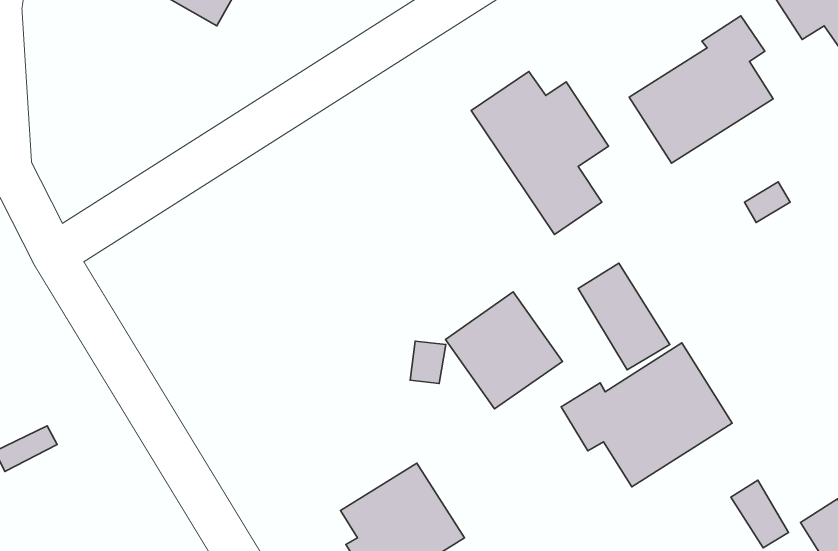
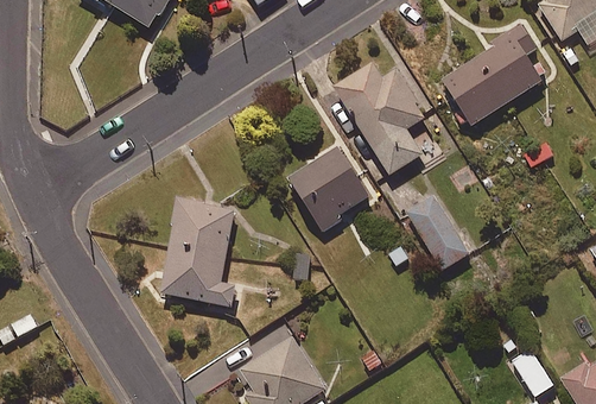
building: none -> [161,198,235,307]
building: [445,292,562,409] -> [286,146,368,228]
building: [561,343,732,487] -> none

